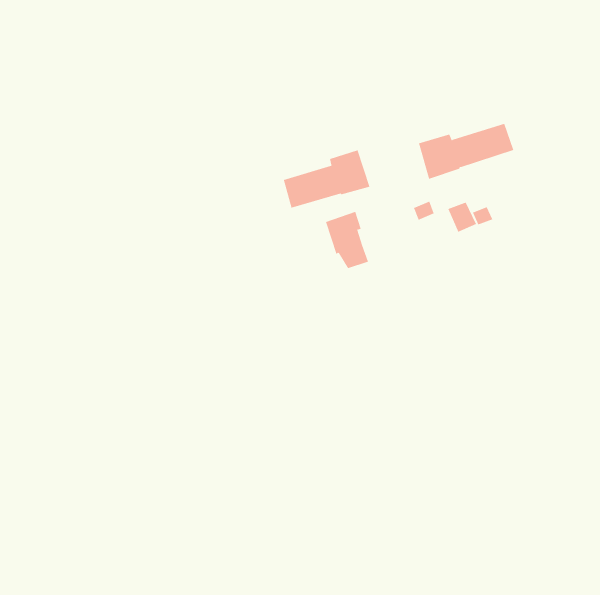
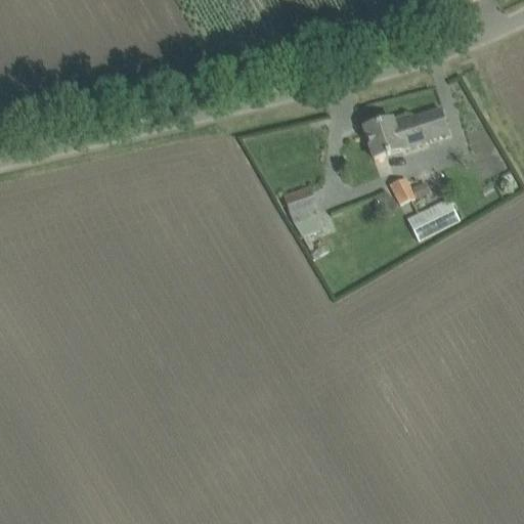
building: [283,150,370,208] -> none
building: none -> [406,196,460,241]

